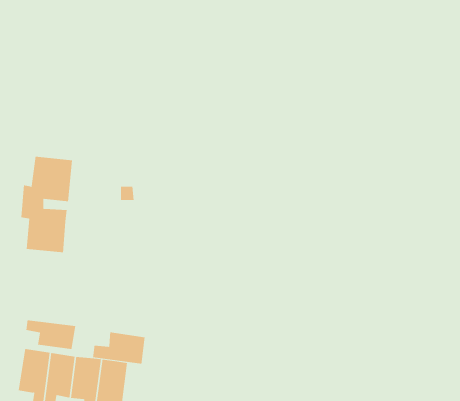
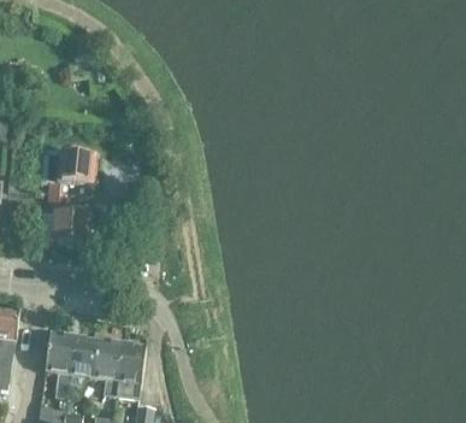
building: [26,320,76,350] -> none
building: [92,332,145,364] -> none

